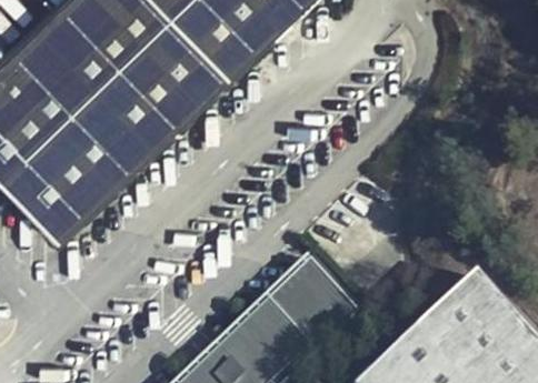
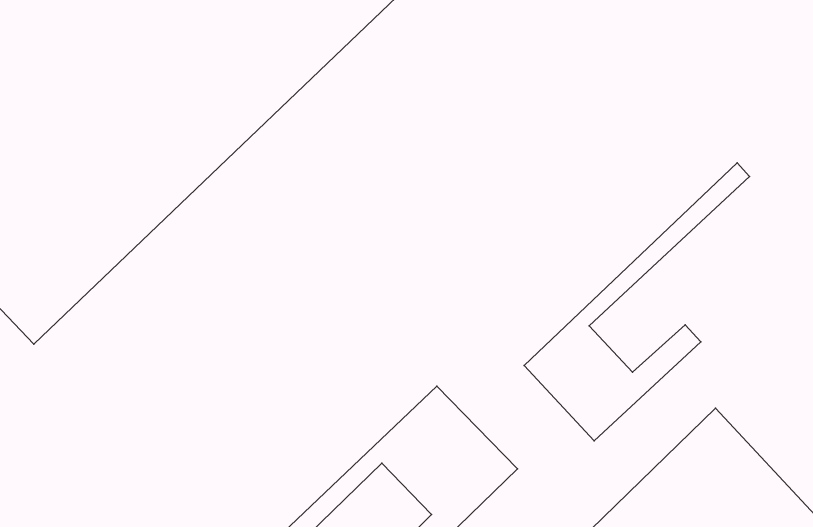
building: none -> [524,163,750,441]

